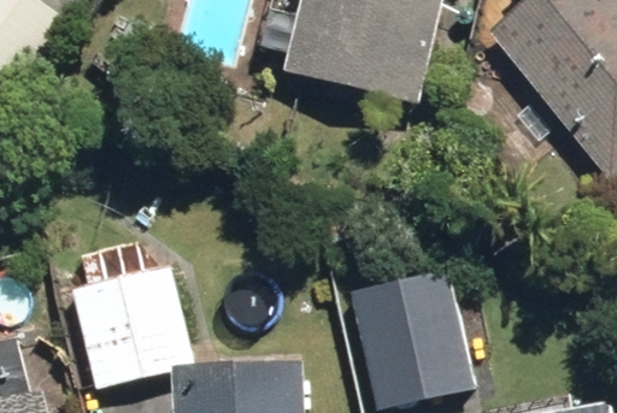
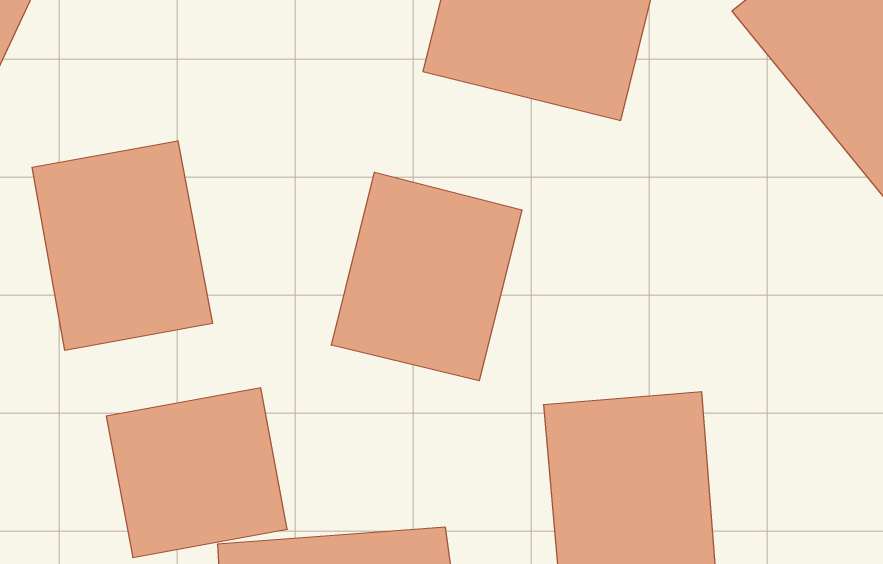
building: none -> [32,141,212,350]
building: none -> [331,172,522,381]

